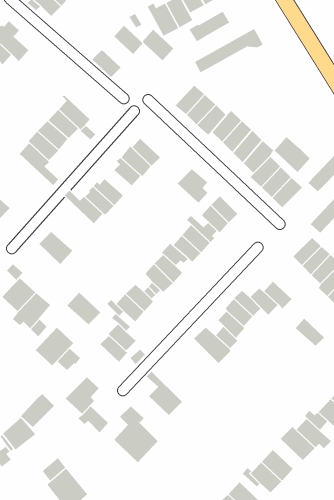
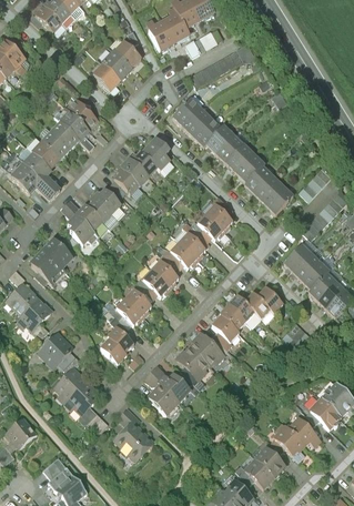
building: [142,29,174,61] -> [100,49,131,80]
building: none -> [65,97,100,130]
building: [274,136,310,173] -> none
building: none -> [9,163,54,200]
building: [177,169,208,203] -> [140,135,170,169]
building: none -> [60,203,94,245]
building: [66,292,101,325] -> [28,250,61,282]
building: none -> [175,341,213,380]
building: none -> [149,363,191,402]
building: [20,393,55,428] -> [53,365,87,398]

